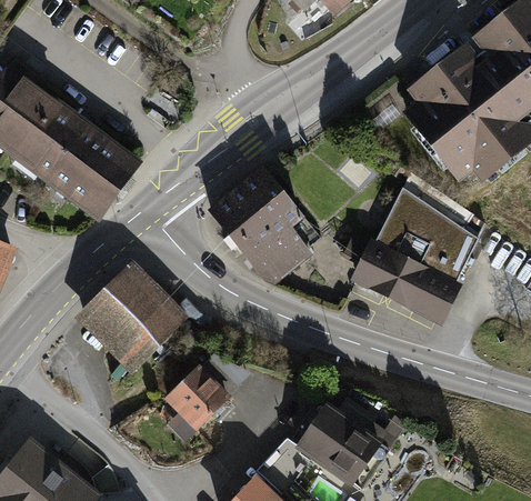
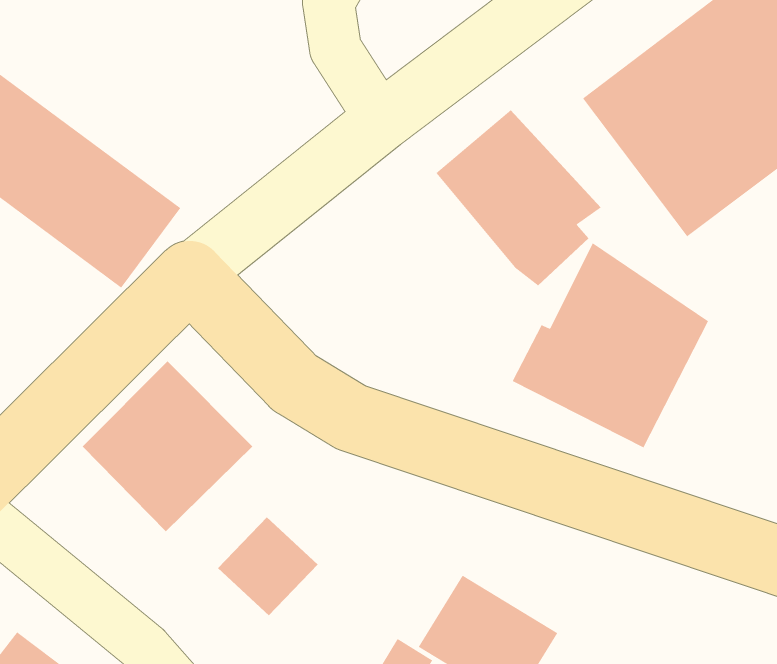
building: [207,169,314,283] -> [435,110,602,286]

